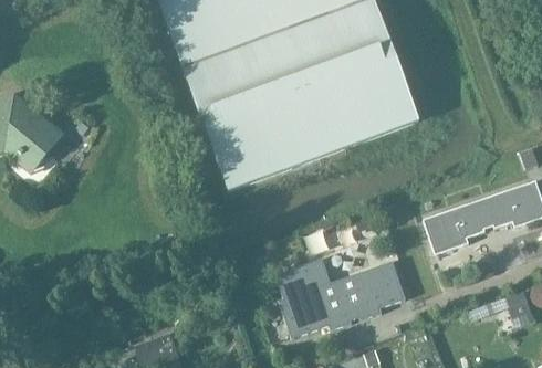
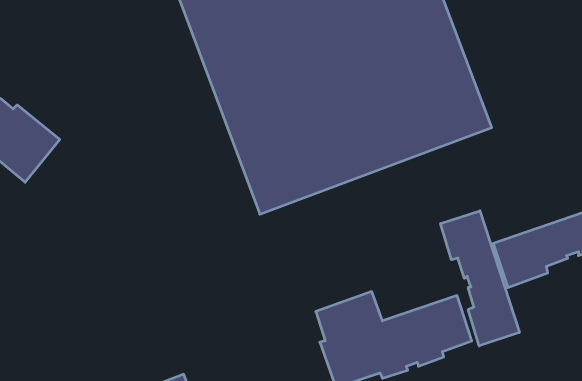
building: none -> [441,211,519,346]

